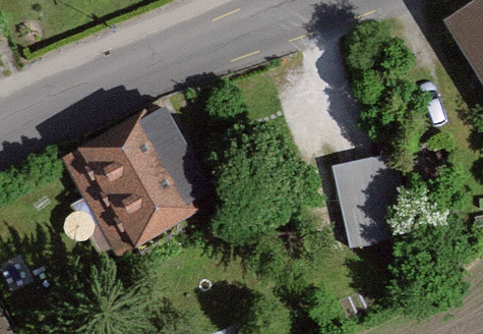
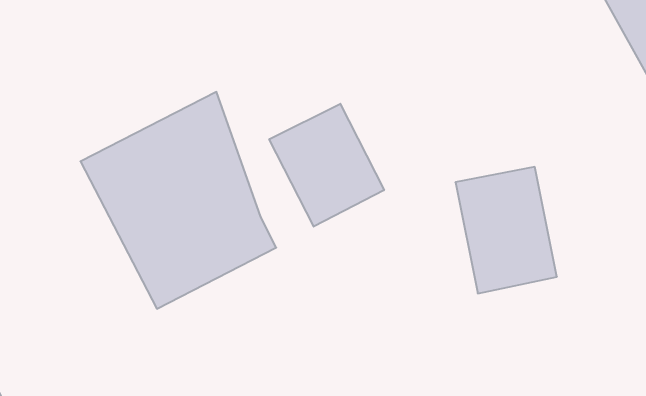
building: none -> [269,104,384,227]

